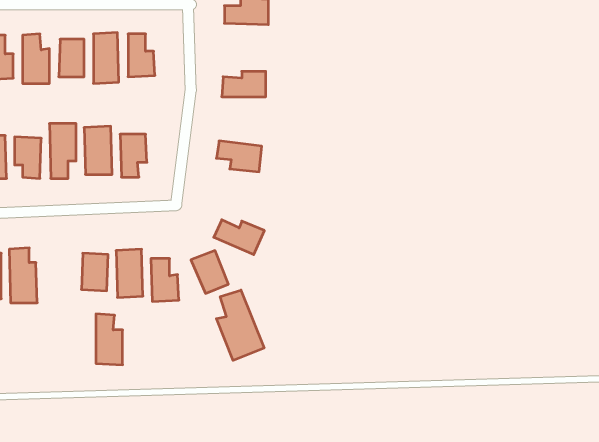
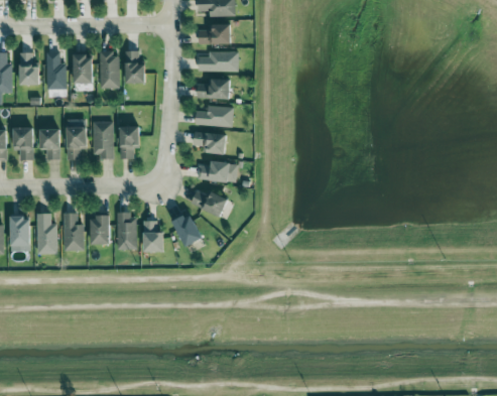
building: none -> [199,51,239,72]
building: none -> [196,106,233,127]
building: none -> [198,162,237,182]
building: [216,290,264,360] -> none
building: [96,314,123,365] -> [64,213,84,251]

